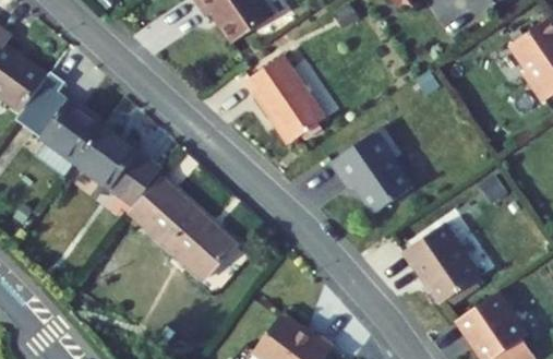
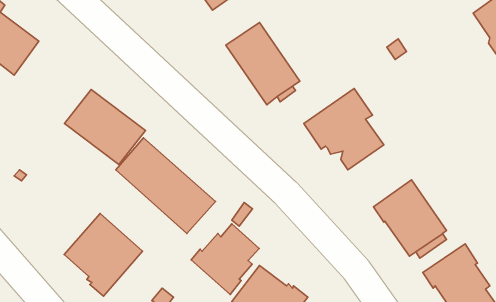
building: [14,72,103,163] -> none
building: none -> [64,214,143,296]
building: none -> [191,224,259,294]

